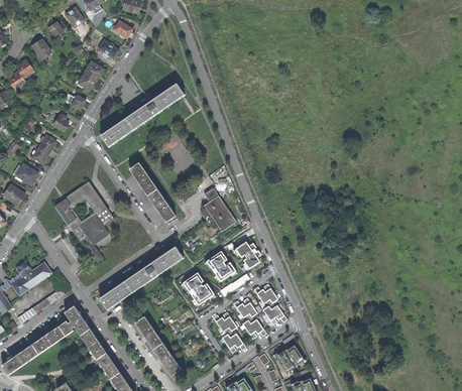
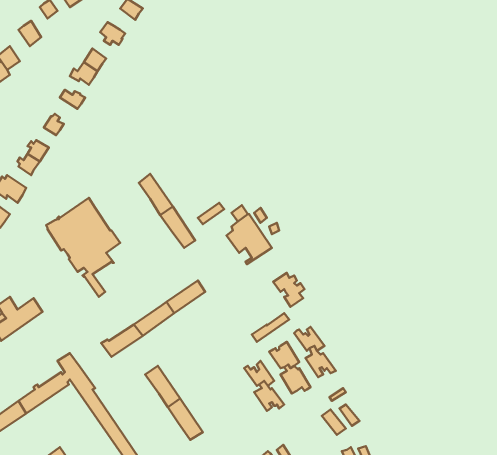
building: [100,85,184,145] -> none
building: [208,251,237,281] -> none
building: [183,272,214,304] -> none

